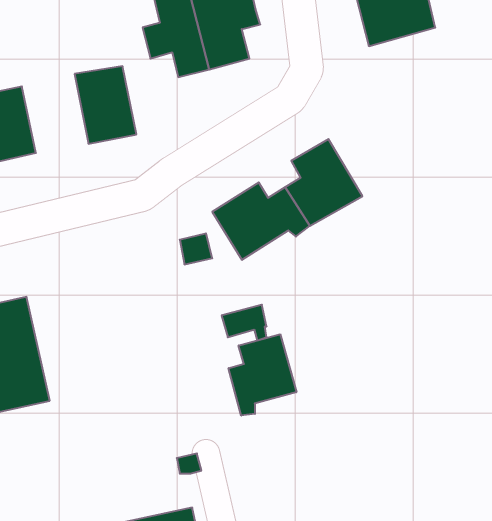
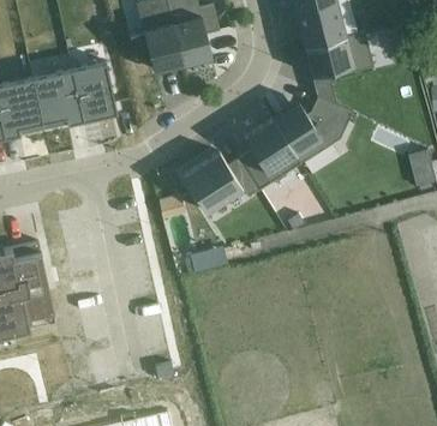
building: none -> [304,30,373,78]
building: none -> [35,68,86,130]
building: none -> [273,95,353,163]
building: [229,334,296,416] -> none

